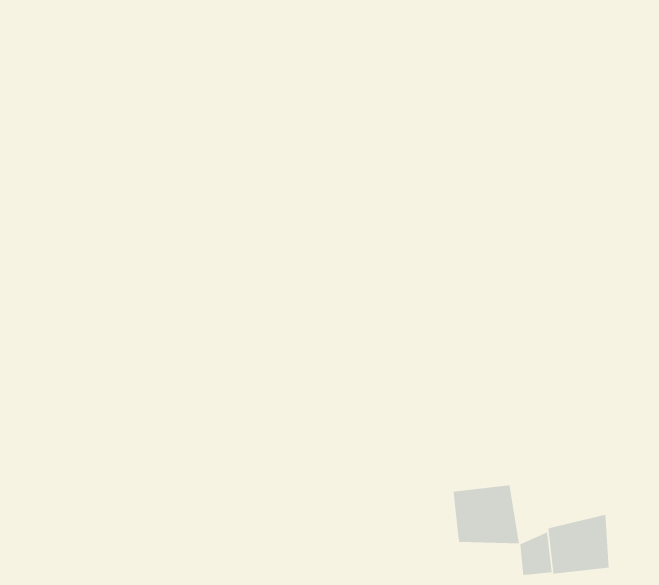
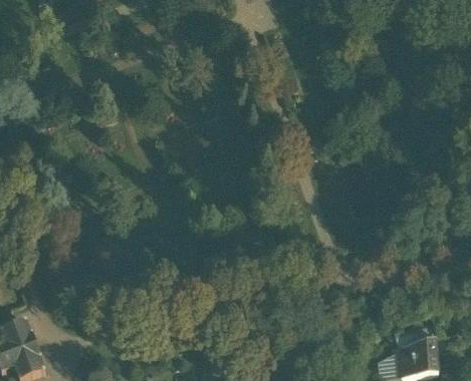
building: [453,484,520,544] -> none

